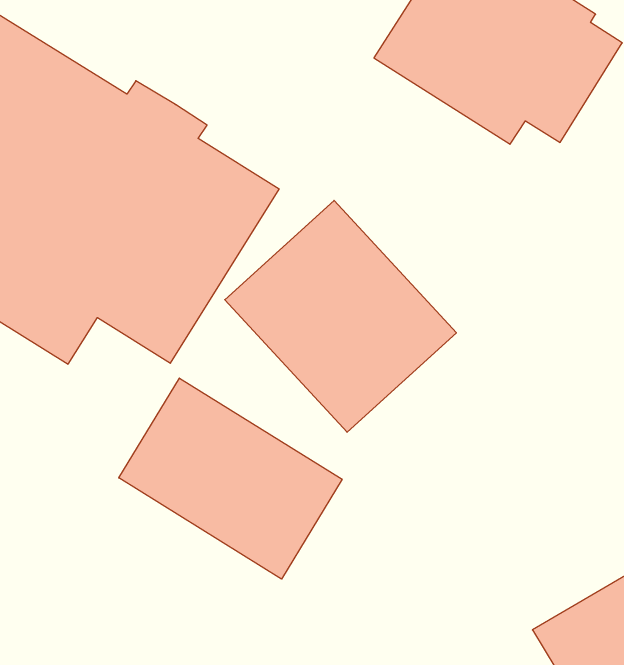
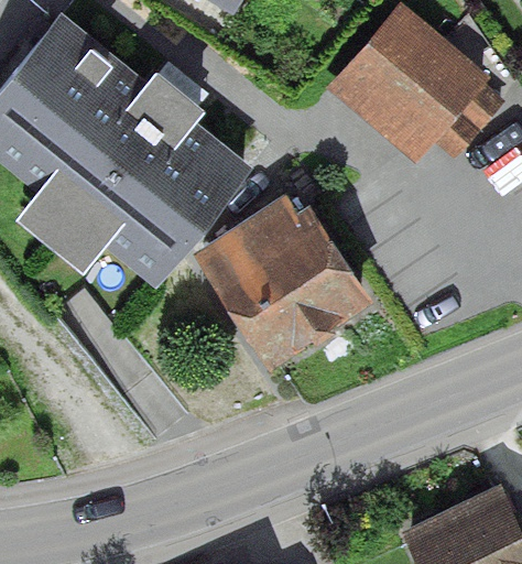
building: [119,378,342,579] -> none

